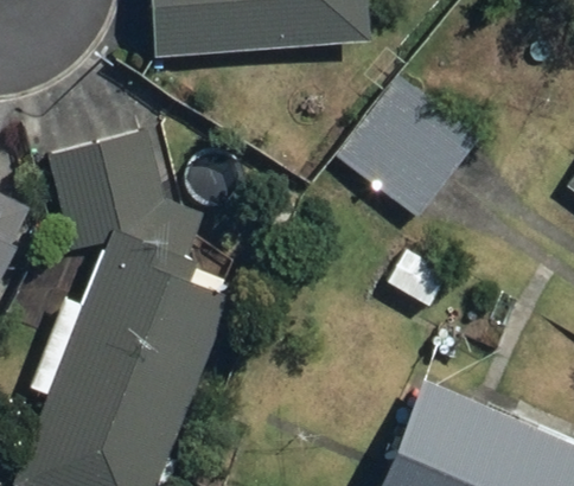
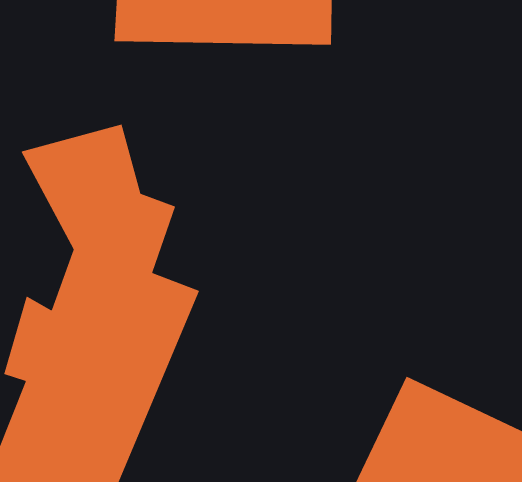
building: [342,77,484,222] -> none

